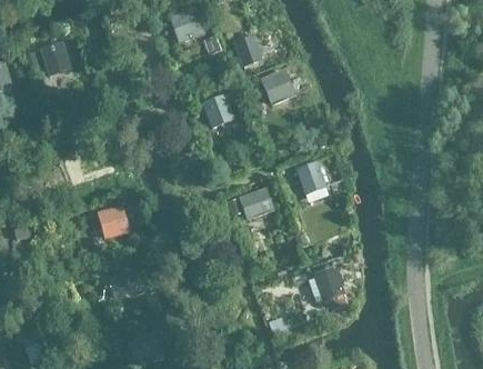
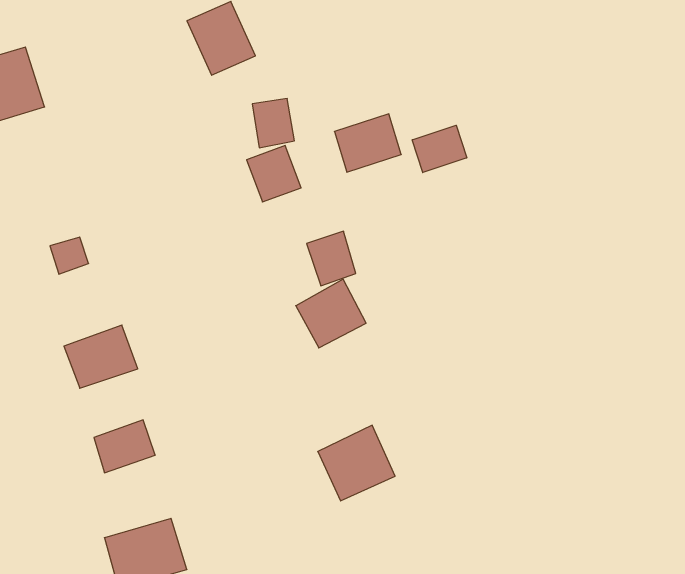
building: [237,36,263,67] -> [252,99,294,148]
building: none -> [412,125,467,173]
building: [298,160,329,195] -> [307,231,356,286]
building: [299,263,348,311] -> [318,425,395,501]

